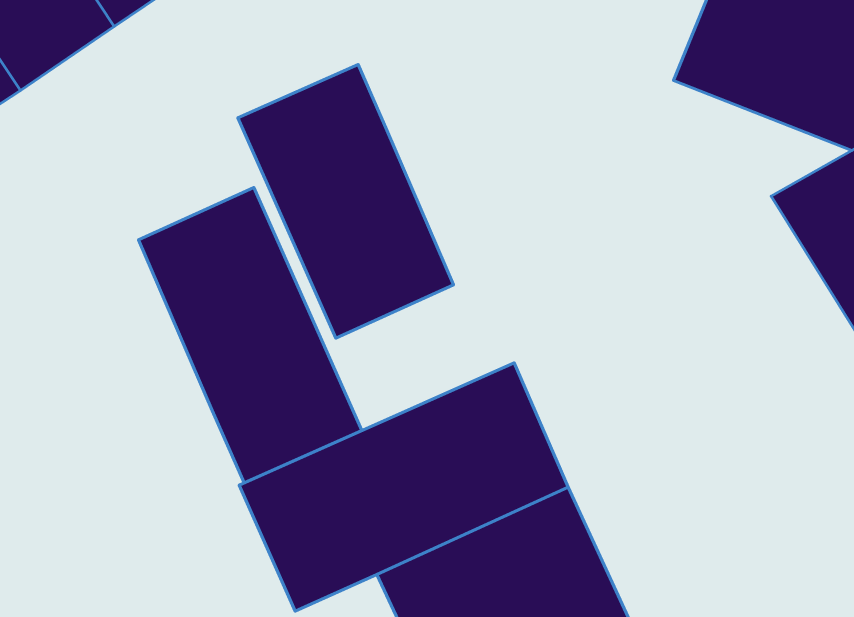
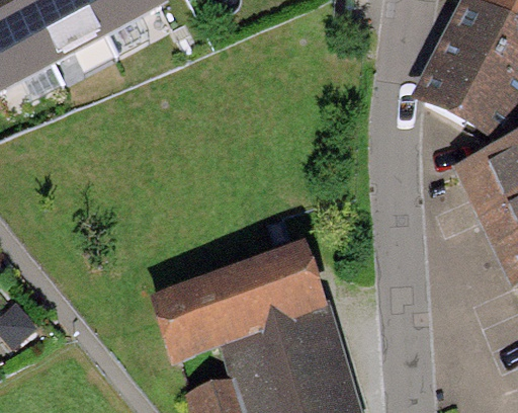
building: [238,65,454,338] -> none
building: [138,187,362,483] -> none

